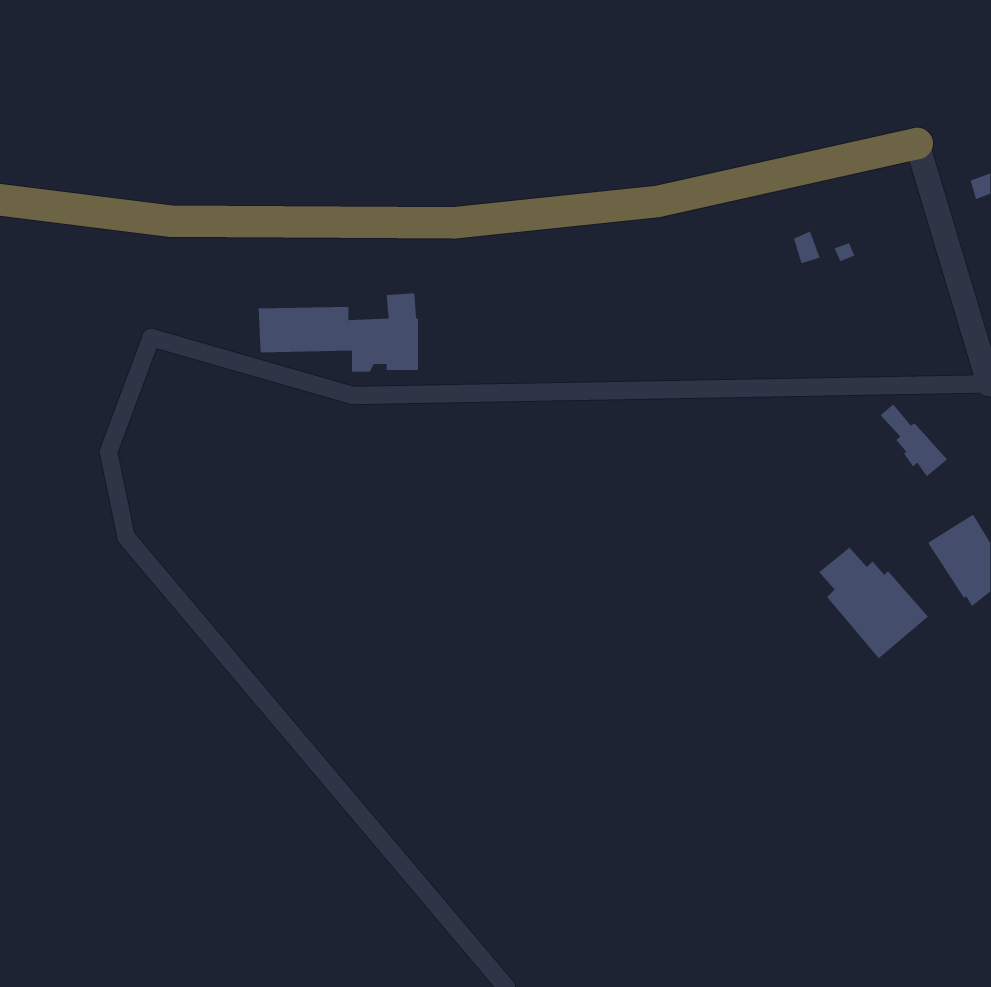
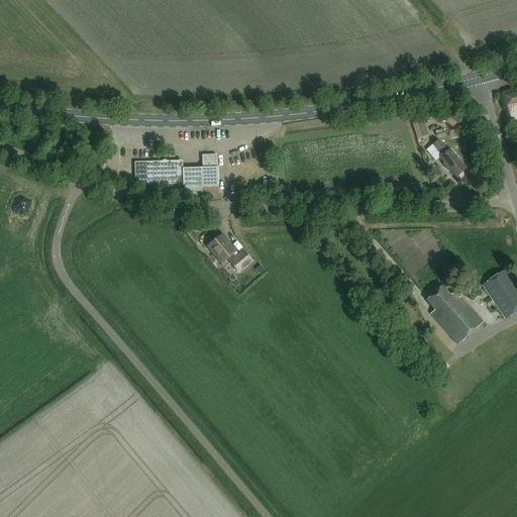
building: [880,403,948,477] -> [432,137,468,176]
building: none -> [208,232,252,270]

